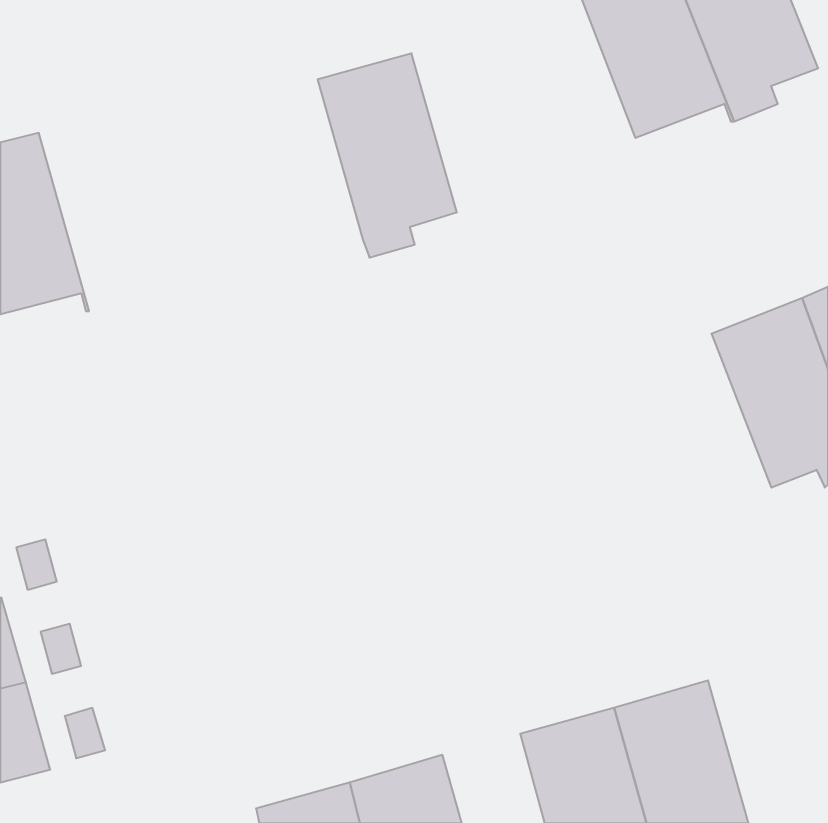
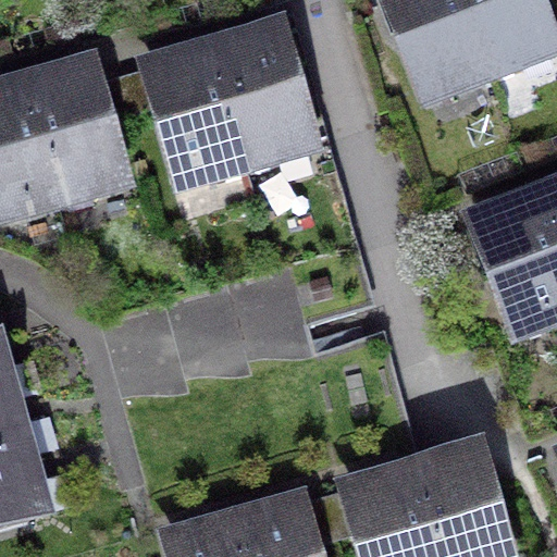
building: none -> [150,53,248,183]
building: none -> [26,71,120,209]

